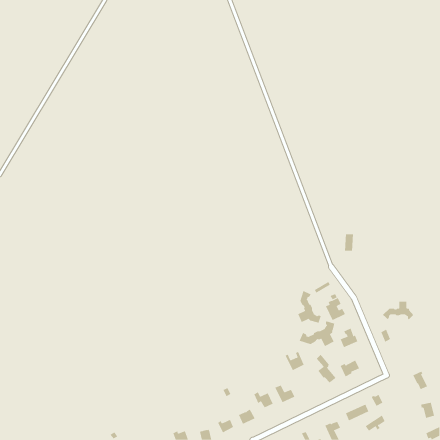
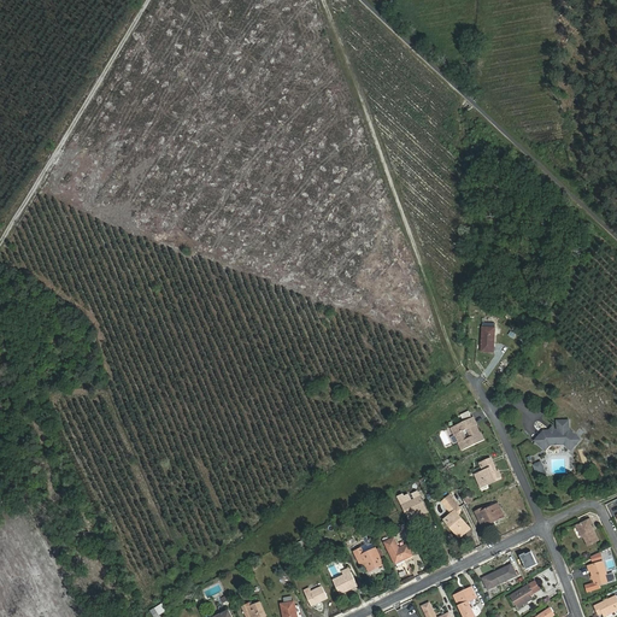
building: [297,290,322,323] -> none
building: [299,320,335,347] -> none

